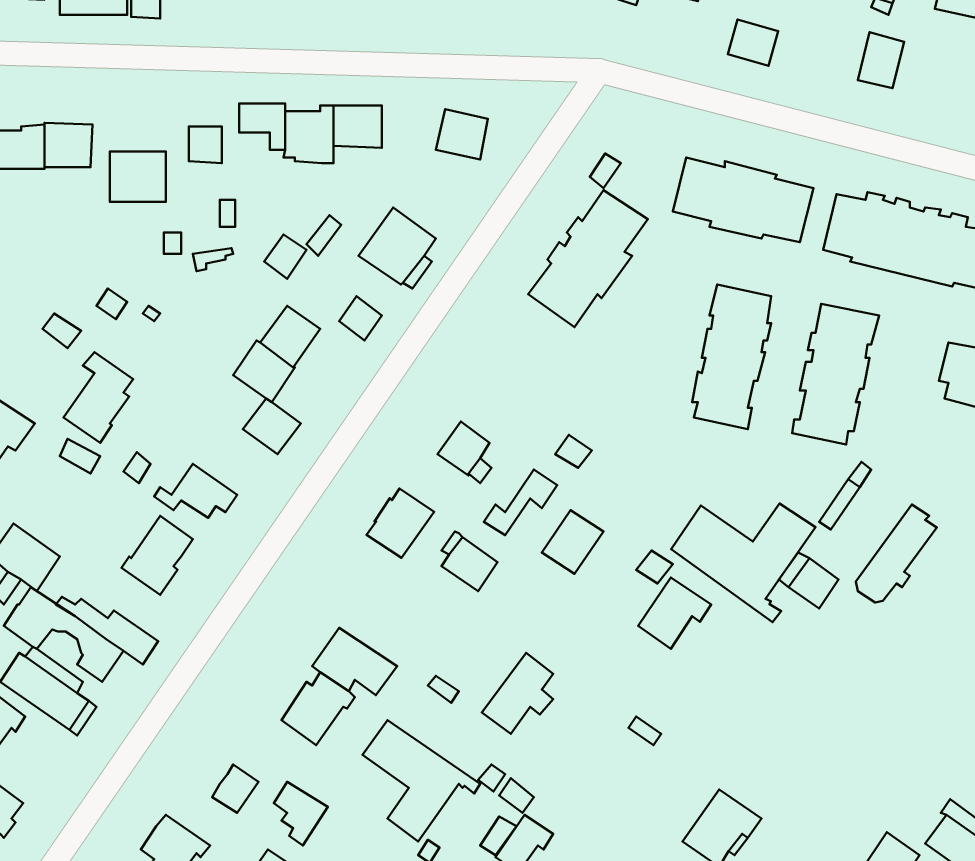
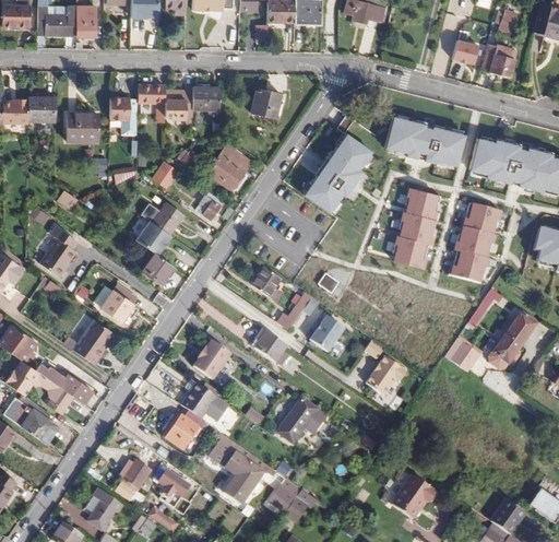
building: [728,19,778,66] -> [449,39,477,66]
building: [367,489,434,558] -> [192,340,230,379]
building: [671,504,816,622] -> none

